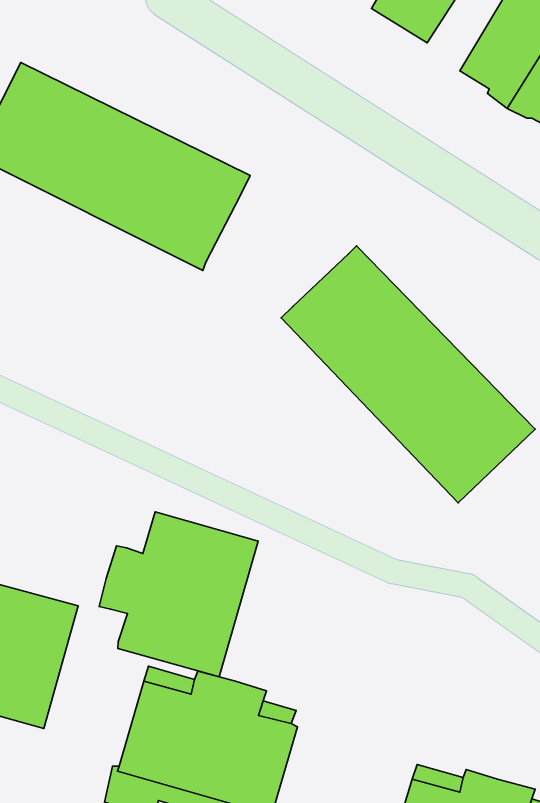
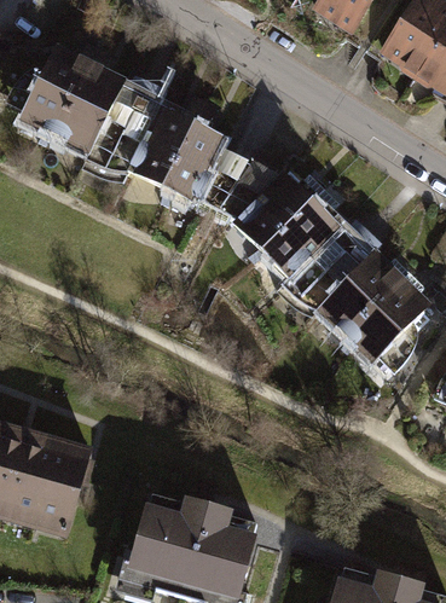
building: none -> [189,145,294,227]
building: [99,512,258,677] -> none

